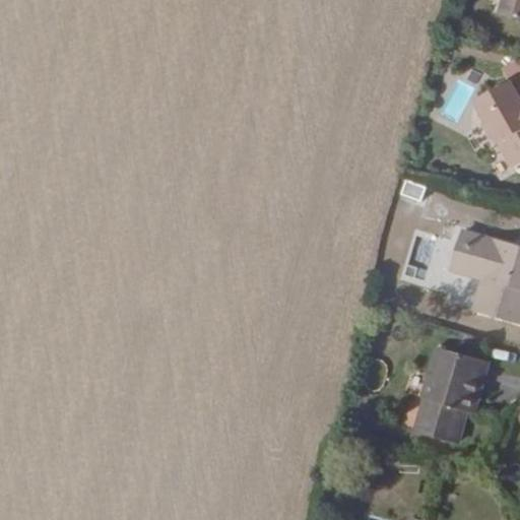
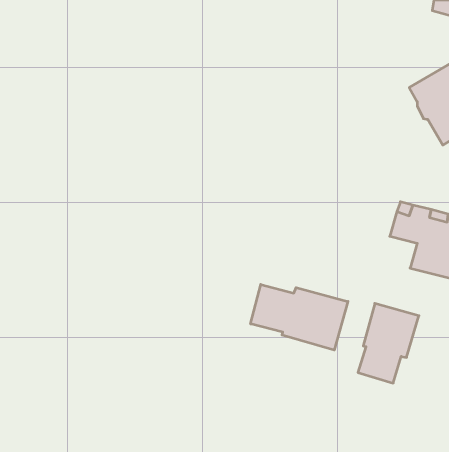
building: none -> [251,284,348,350]

